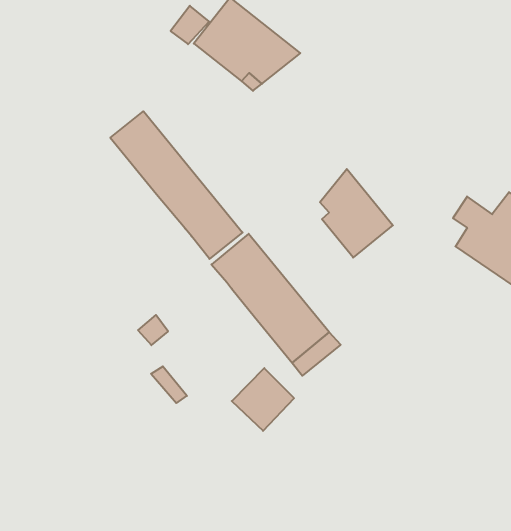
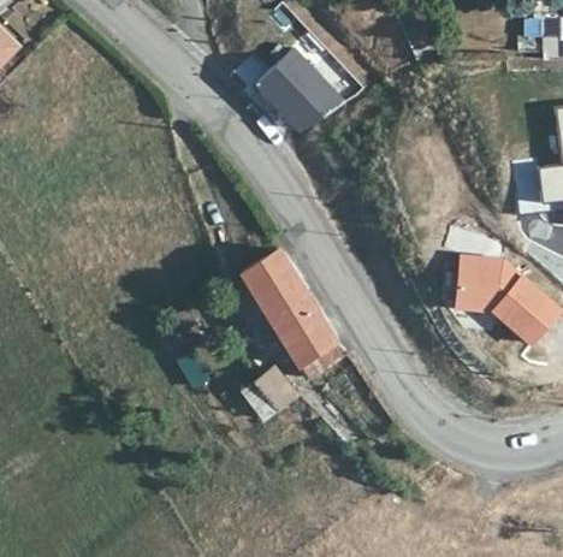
building: [110,111,243,259] -> none
building: [320,169,393,258] -> none

